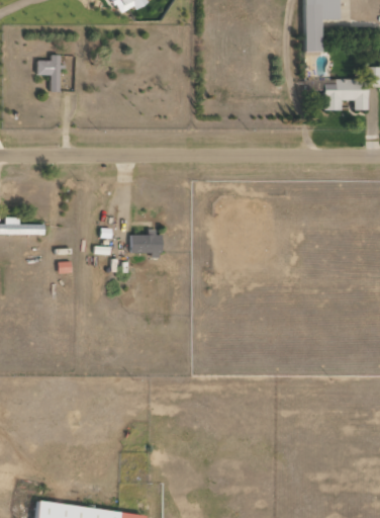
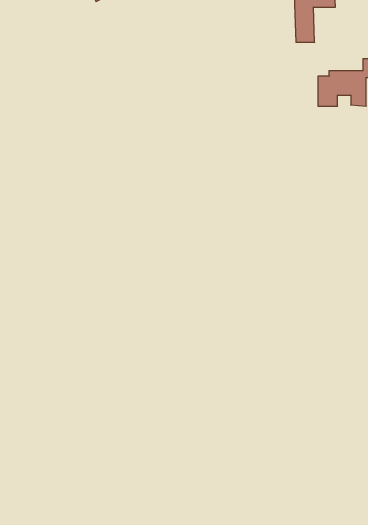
building: [36,55,60,92] -> none
building: [130,232,162,258] -> none

